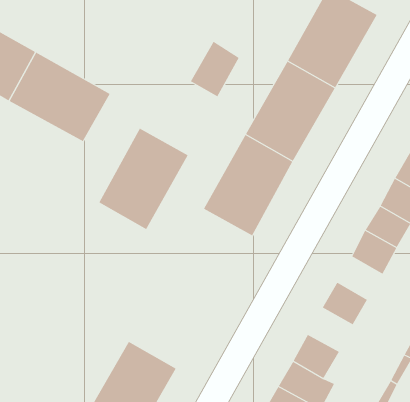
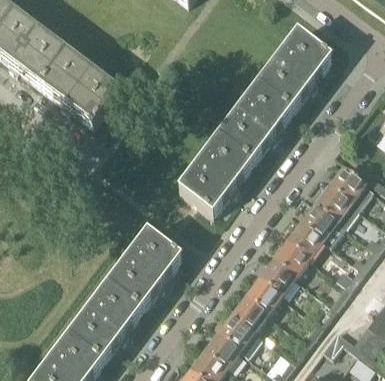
building: [190,41,239,97] -> none
building: [99,128,189,230] -> [107,229,181,308]
building: none -> [273,240,309,275]
building: none -> [245,276,281,312]

